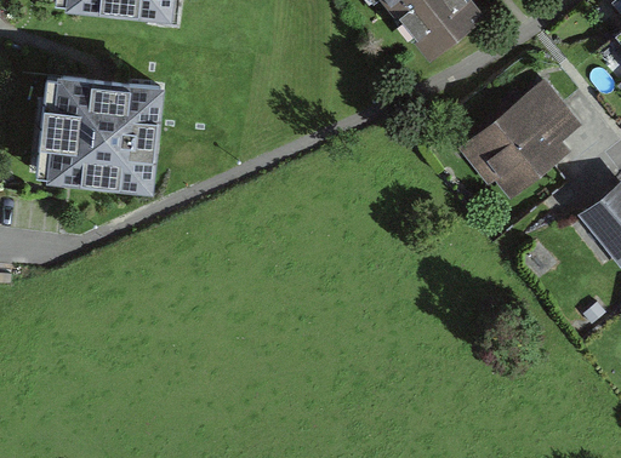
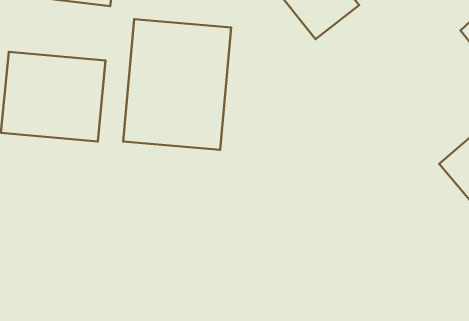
building: none -> [123,19,231,150]
building: [465,84,583,200] -> none

